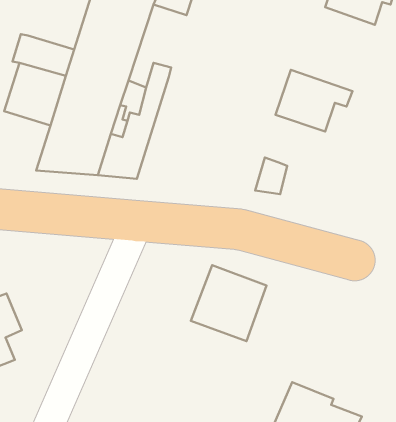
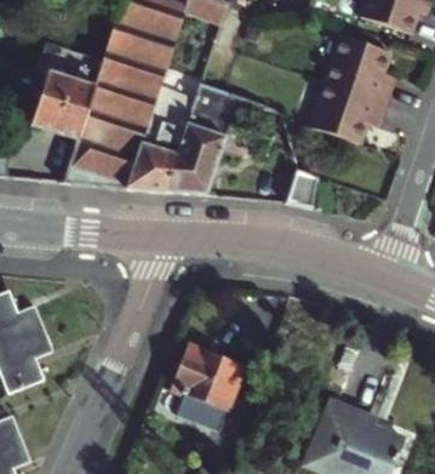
building: none -> [326,35,395,102]
building: none -> [168,87,259,195]
building: [191,265,267,341] -> [160,342,237,419]

